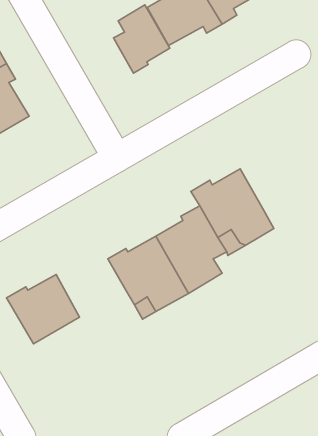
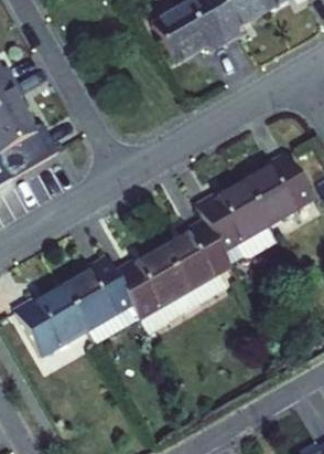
building: [114,5,170,73] -> none
building: none -> [242,154,312,225]
building: none -> [62,258,130,330]

